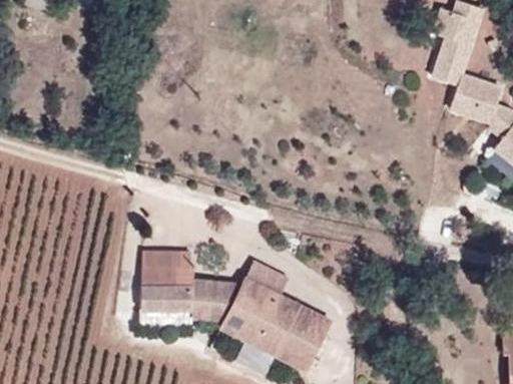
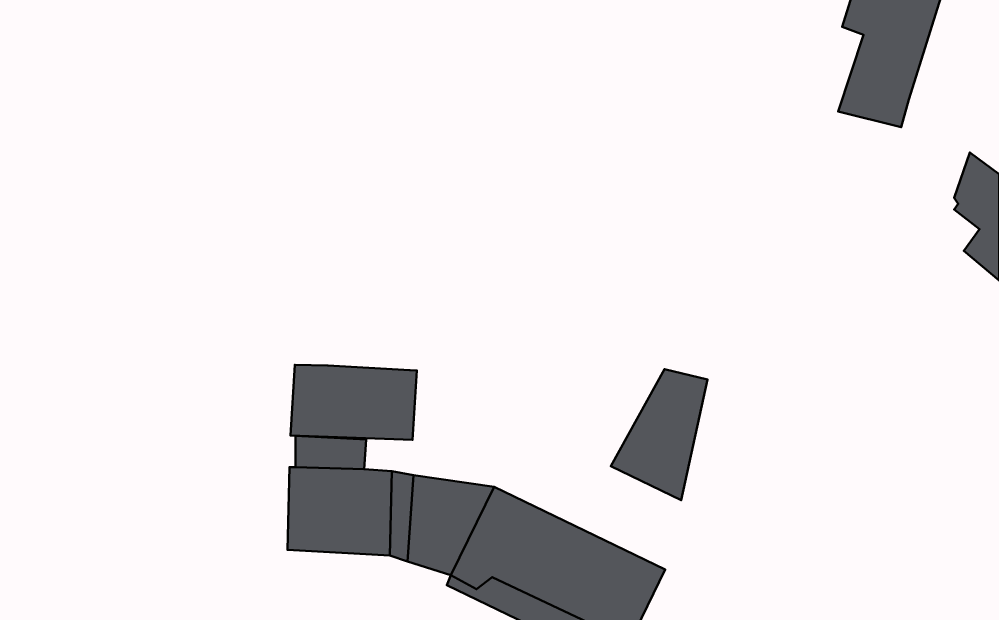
building: [450,80,501,132] -> none
building: none -> [290,365,417,440]
building: none -> [611,369,708,500]

